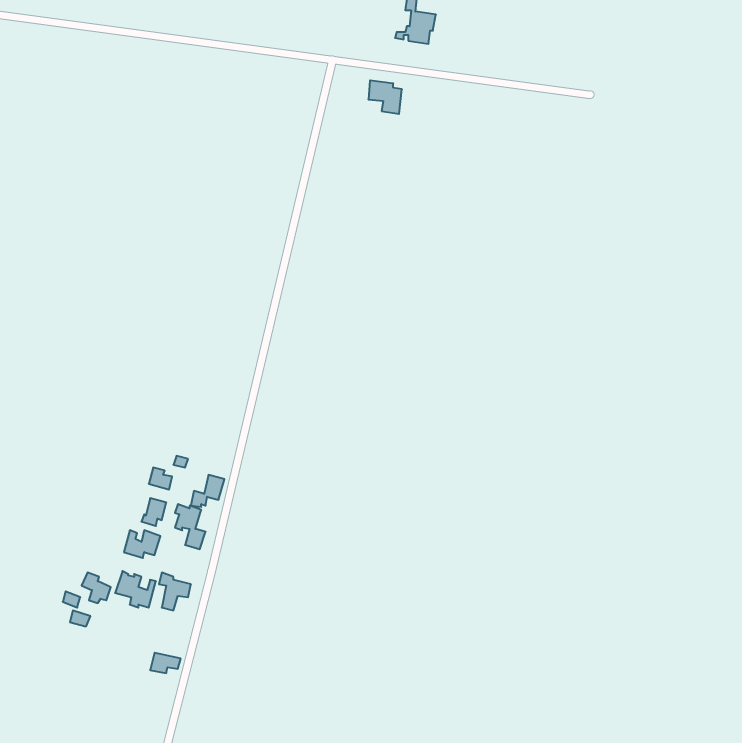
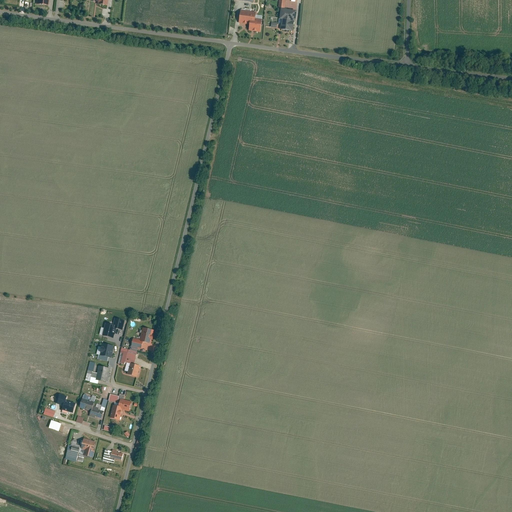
building: [368,80,402,114] -> [239,9,262,32]
building: none -> [66,437,97,461]

